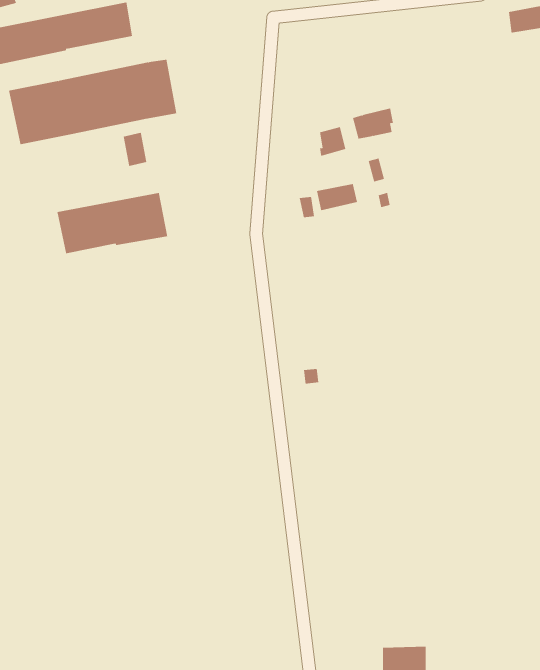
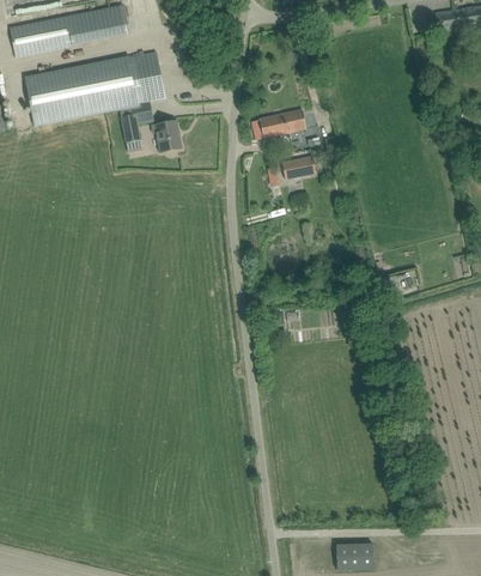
building: [352,108,394,139] -> [251,113,286,139]
building: none -> [154,120,182,151]
building: [57,192,168,254] -> none

